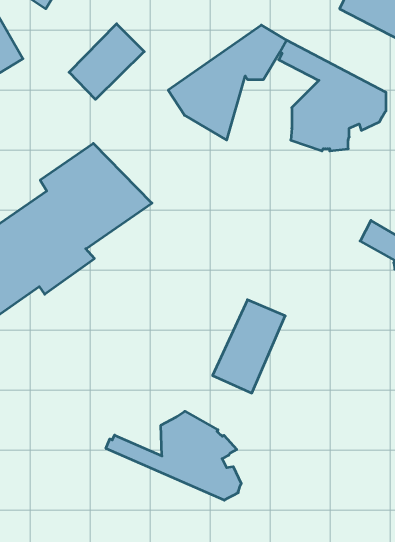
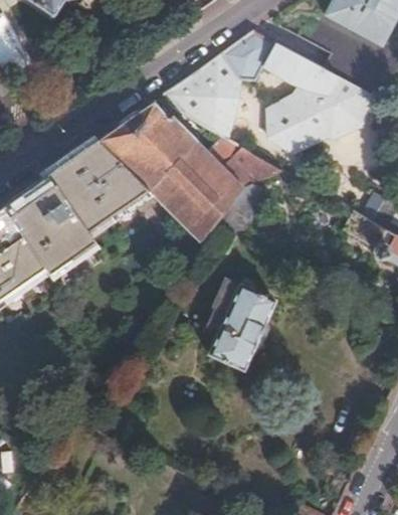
building: [69,24,144,99] -> none
building: none -> [96,101,281,245]
building: [106,411,241,500] -> none

